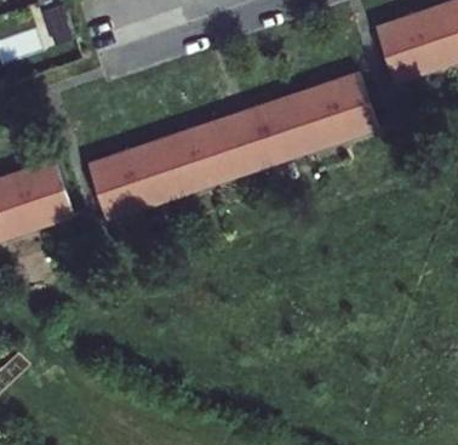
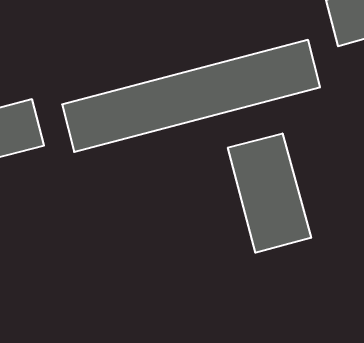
building: none -> [228,133,311,253]

